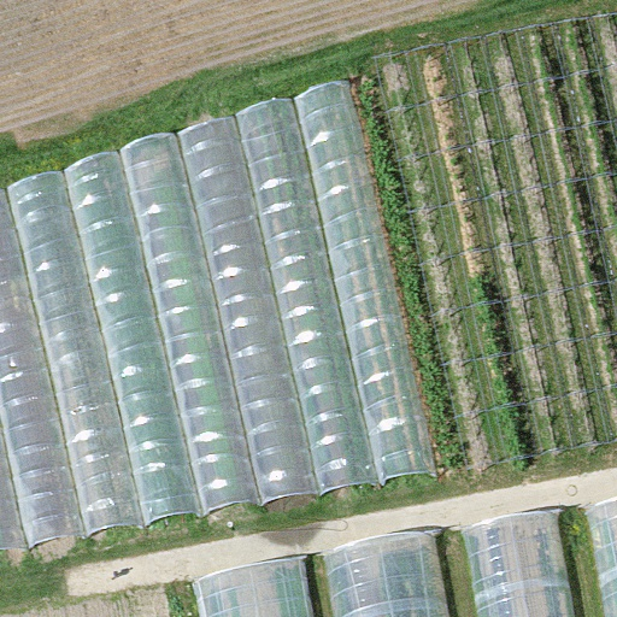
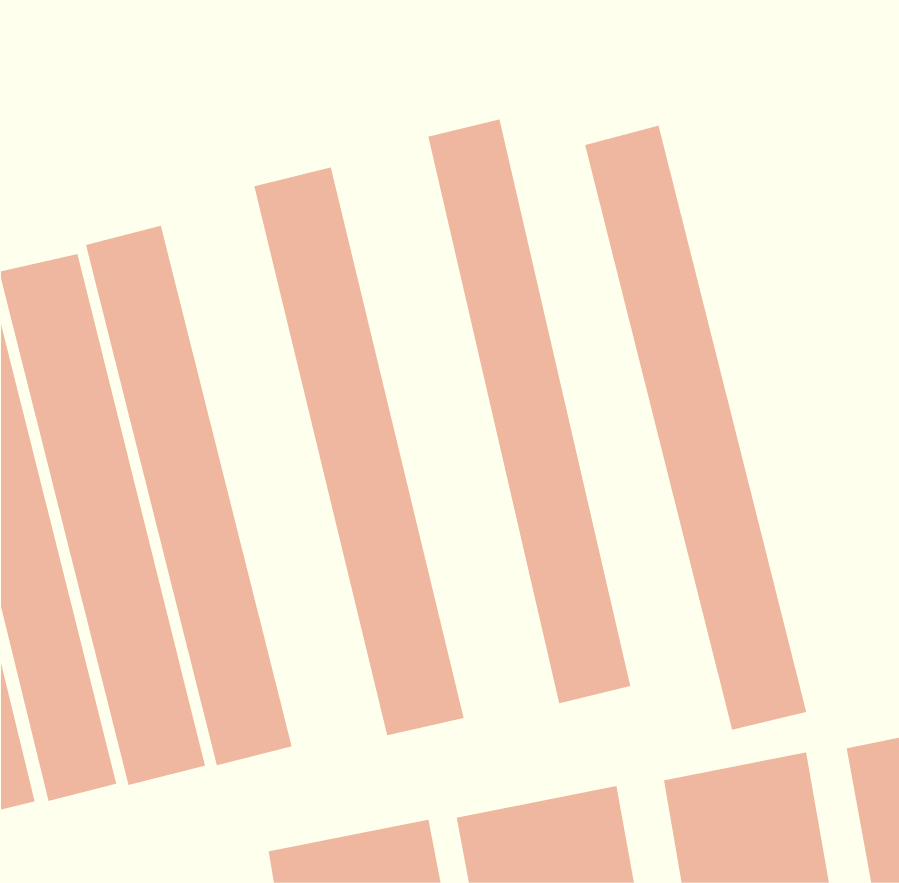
building: none -> [585,125,807,731]
building: [236,98,380,490] -> none
building: [119,133,262,510] -> none

